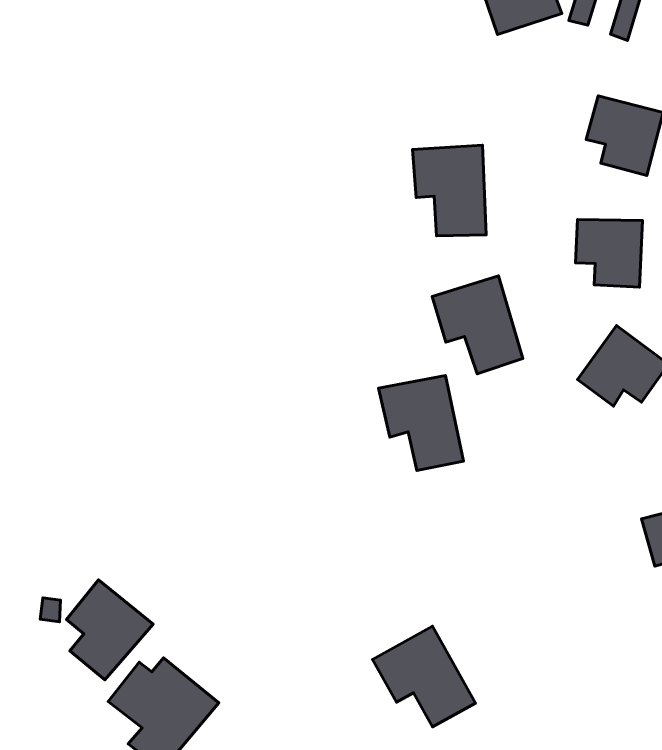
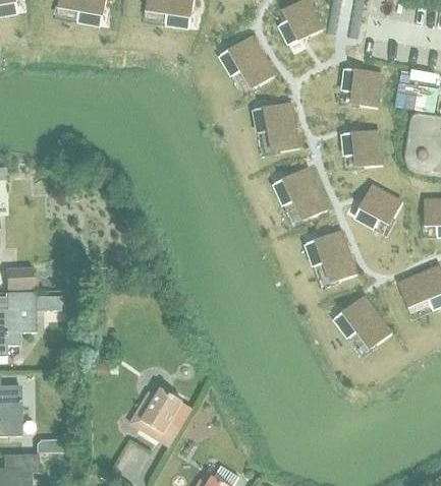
building: none -> [221,36,275,87]
building: [379,376,464,471] -> [307,231,355,282]
building: [66,580,153,680] -> none
building: [373,626,475,727] -> [335,296,391,348]

